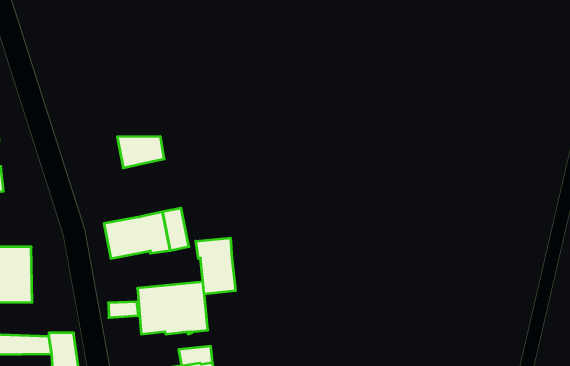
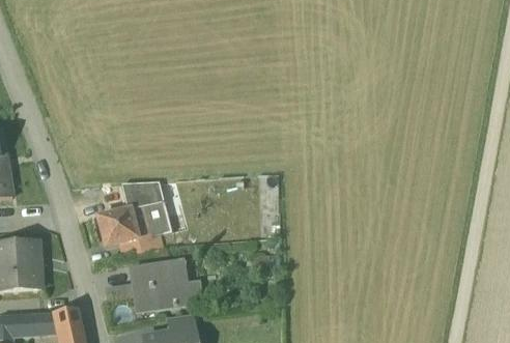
building: [117,137,164,168] -> [122,180,163,208]
building: [196,238,236,294] -> none

